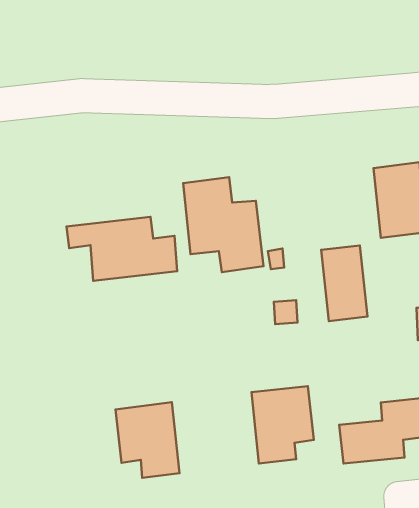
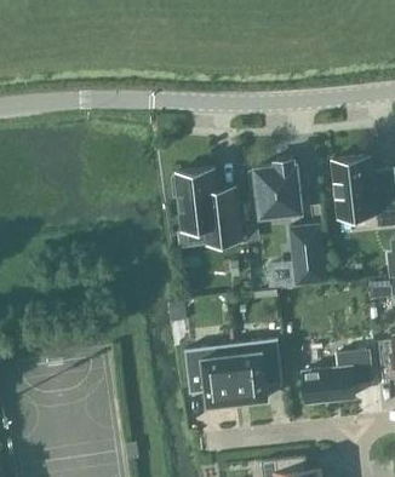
building: none -> [247,165,300,217]
building: [67,217,177,281] -> none
building: [116,402,179,478] -> [185,345,237,407]

